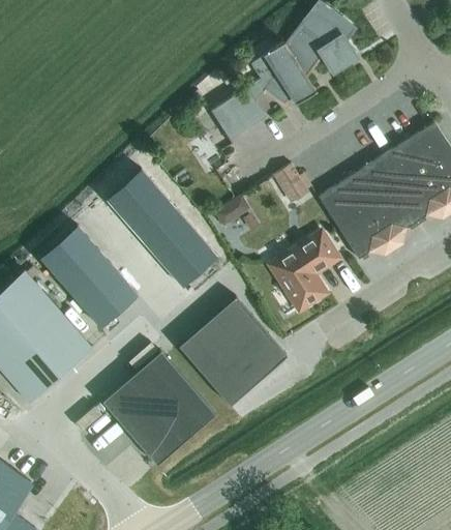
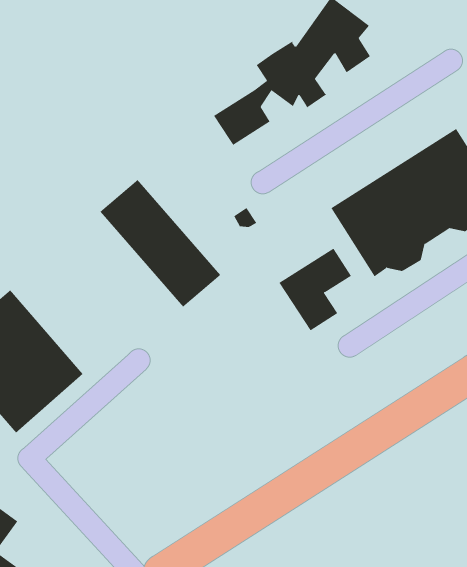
building: [274,165,309,202] -> none
building: [39,225,138,328] -> none
building: [178,297,287,406] -> none
building: [102,351,215,465] -> none

